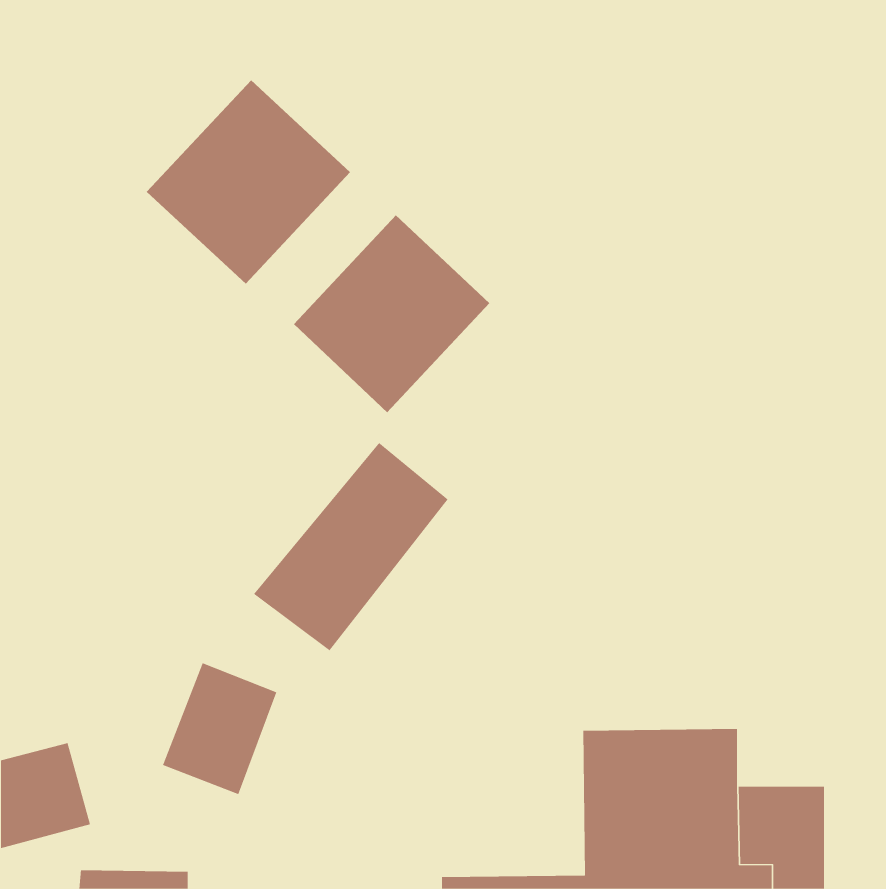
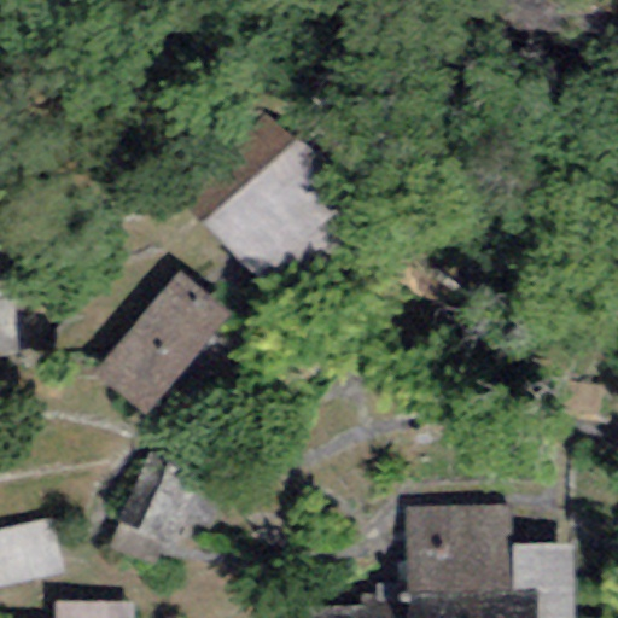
building: [146,80,351,284] -> none
building: [253,442,448,651] -> [93,272,228,416]

